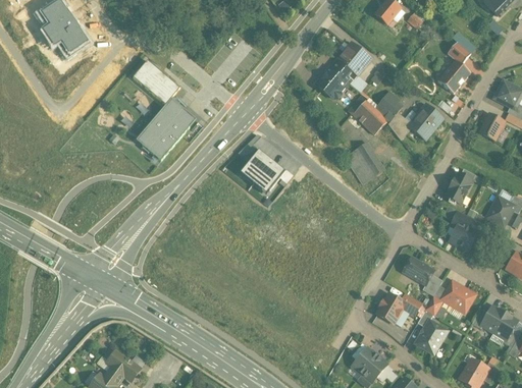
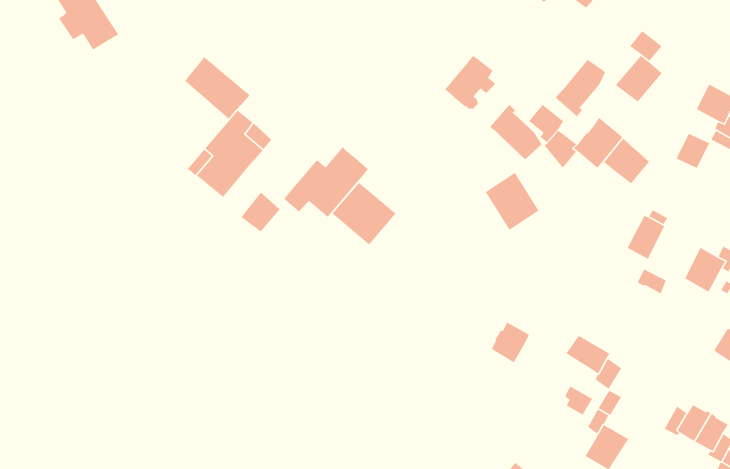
building: [337,42,371,74] -> none
building: none -> [555,59,606,117]
building: none -> [603,138,650,185]
building: none -> [283,146,369,218]
building: none -> [240,192,281,233]
building: [450,222,477,250] -> none
building: [442,280,475,312] -> none
building: [377,293,405,323] -> [491,322,530,363]

